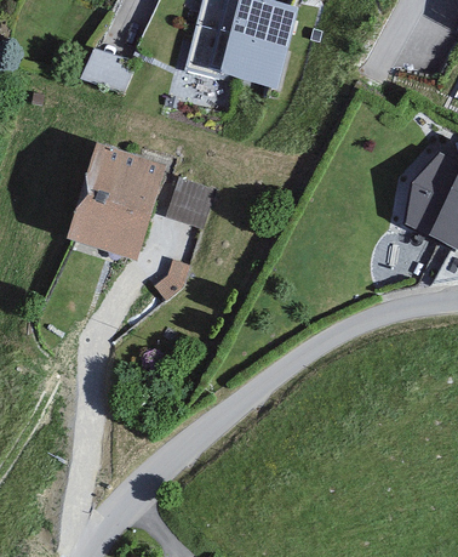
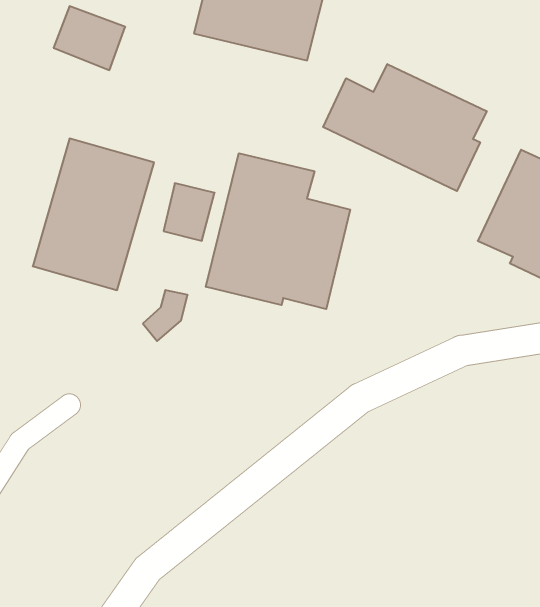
building: none -> [323,64,487,191]
building: none -> [206,153,350,309]

